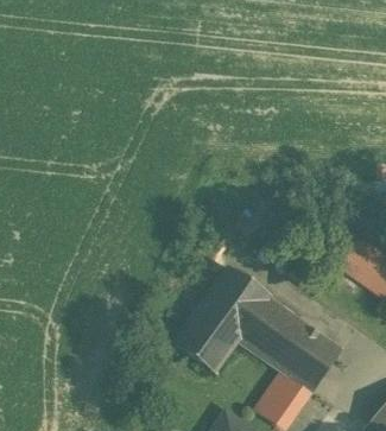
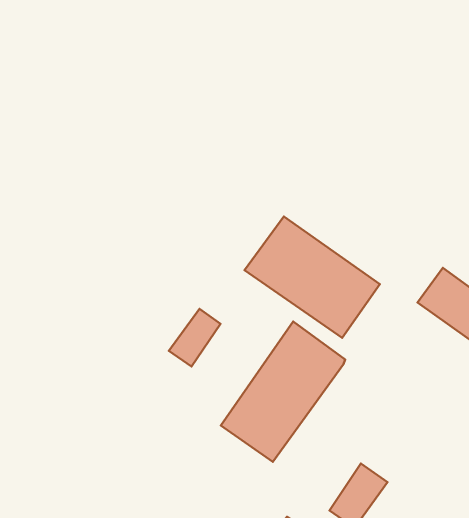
building: none -> [169,309,221,367]
building: [239,299,341,391] -> [245,216,380,338]

